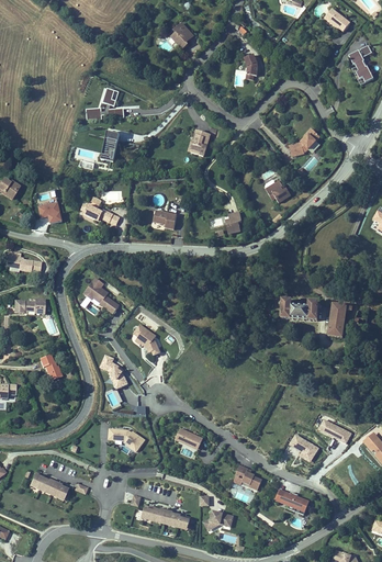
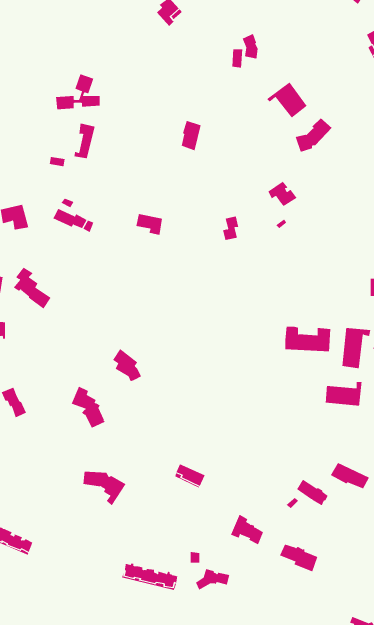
building: none -> [266,82,308,119]
building: [86,277,119,313] -> [13,267,52,310]
building: none -> [325,381,362,406]

